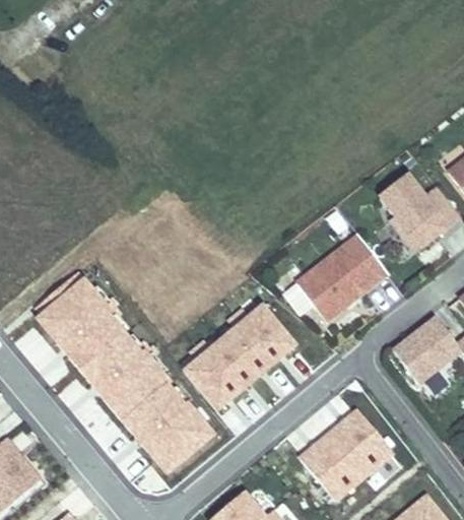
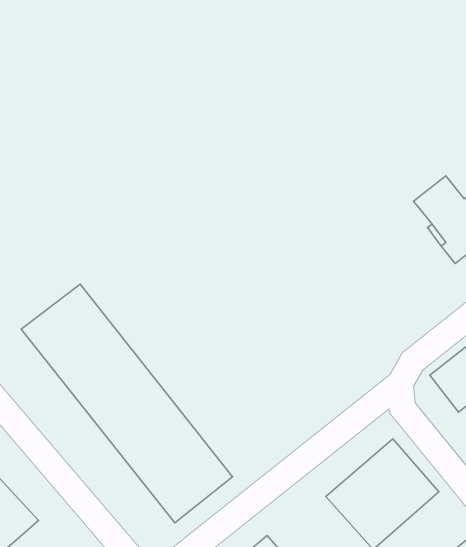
building: [292,235,385,322] -> none
building: [179,300,302,416] -> none

